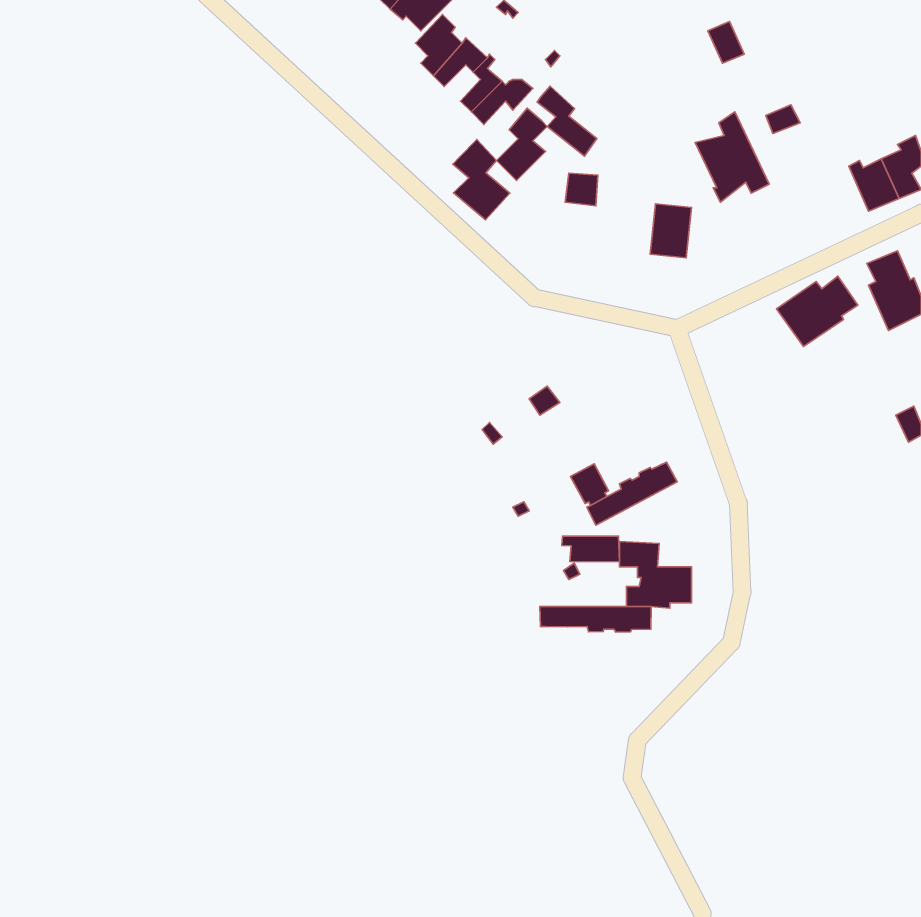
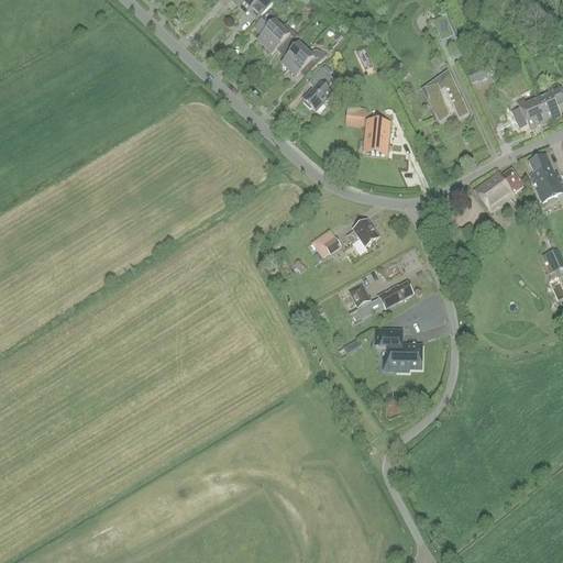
building: [537,86,597,156] -> none
building: [453,140,510,220] -> none
building: [650,204,692,258] -> [363,120,388,153]
building: none -> [345,219,378,246]
building: [562,536,619,562] -> none
building: [540,607,651,632] -> none

